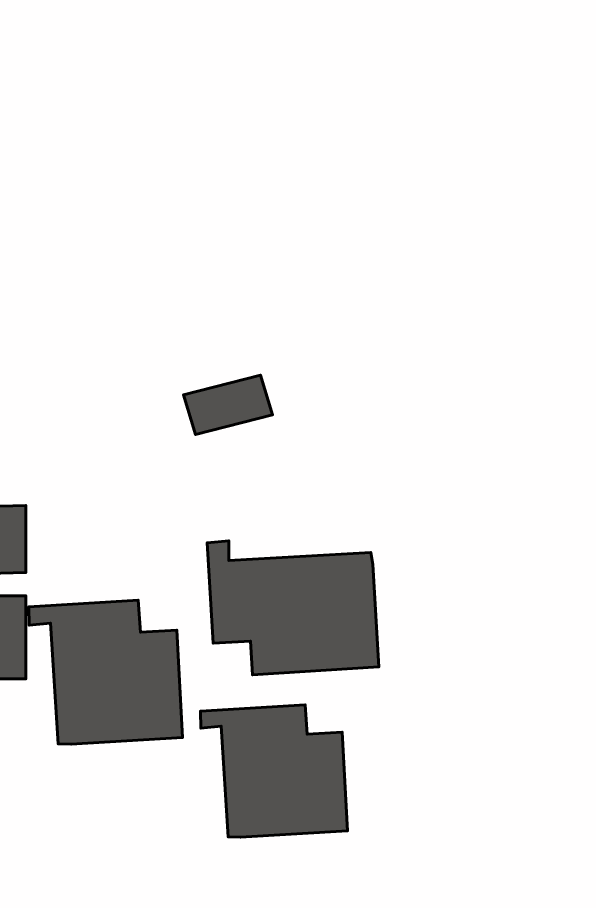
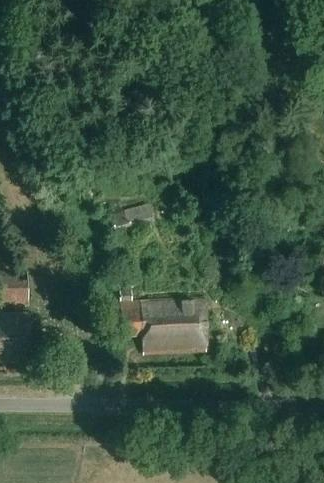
building: [29,600,183,744] -> none
building: [200,705,347,837] -> none

